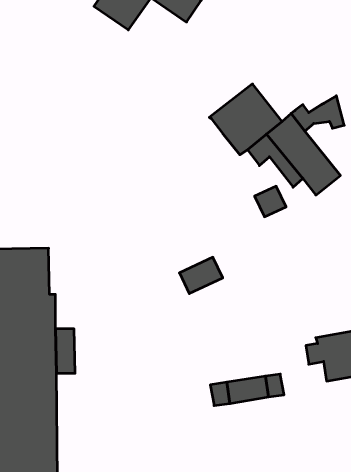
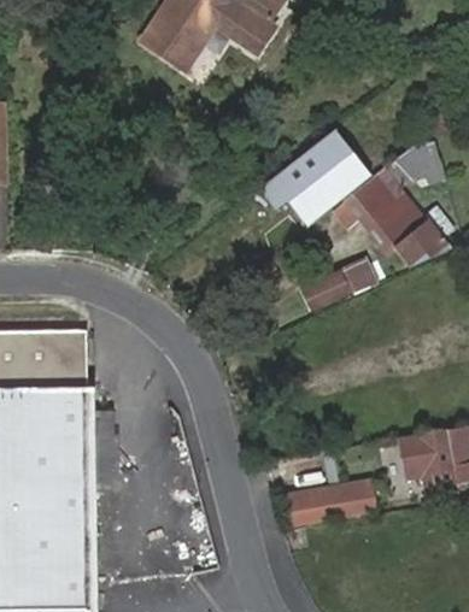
building: [179,257,223,294] -> [297,267,350,312]

